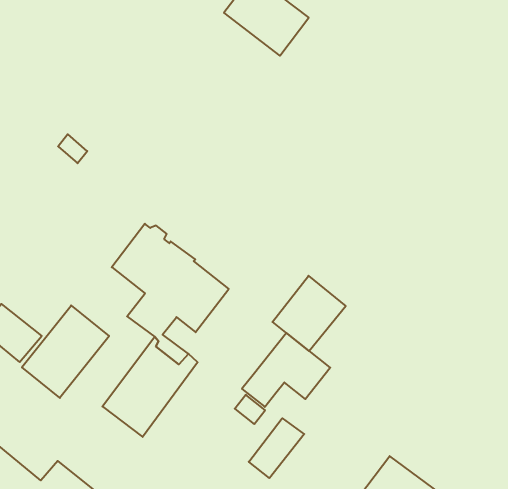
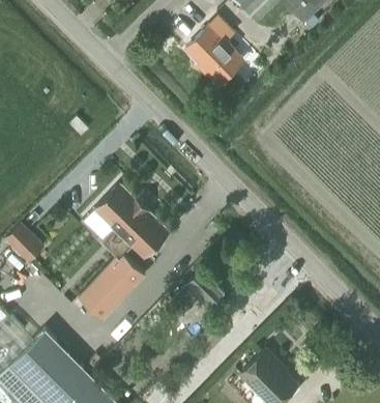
building: [272,276,346,351] -> none
building: [22,305,109,398] -> none
building: [249,418,304,478] -> none

